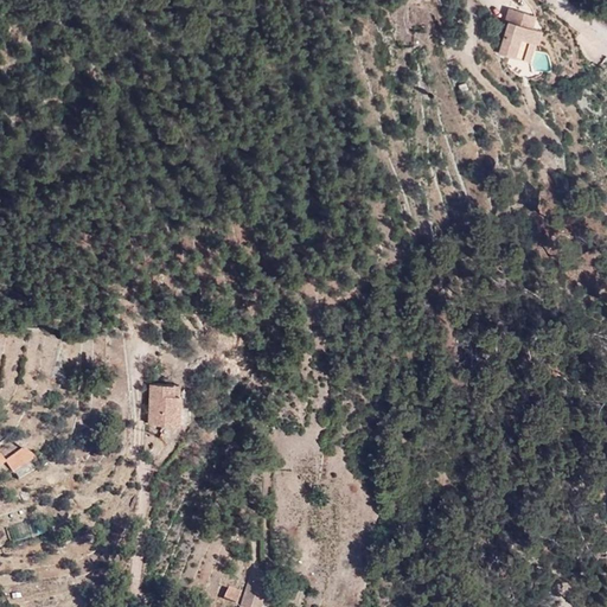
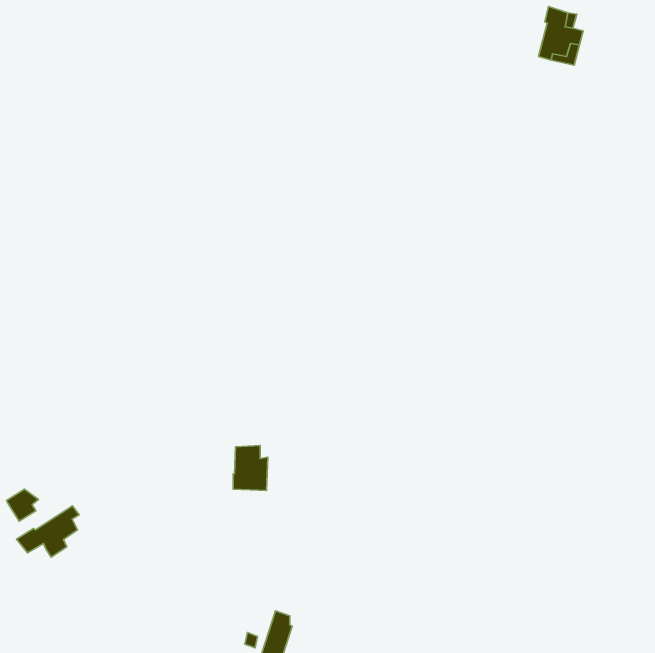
building: [148,383,180,424] -> [233,446,268,490]
building: none -> [17,506,79,557]

